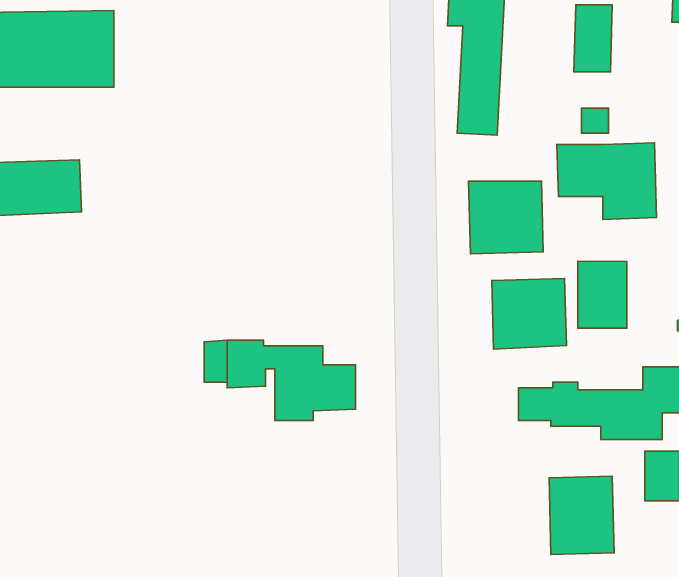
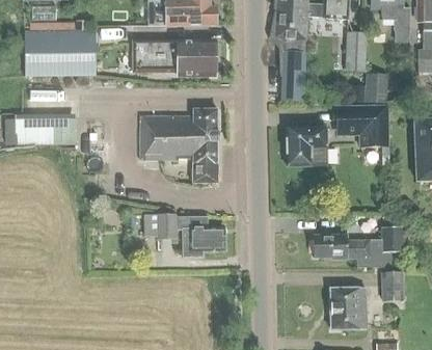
building: none -> [133,38,217,73]
building: none -> [368,71,389,99]
building: none -> [140,108,220,183]
building: [578,261,627,328] -> none
building: [492,279,566,349] -> none

